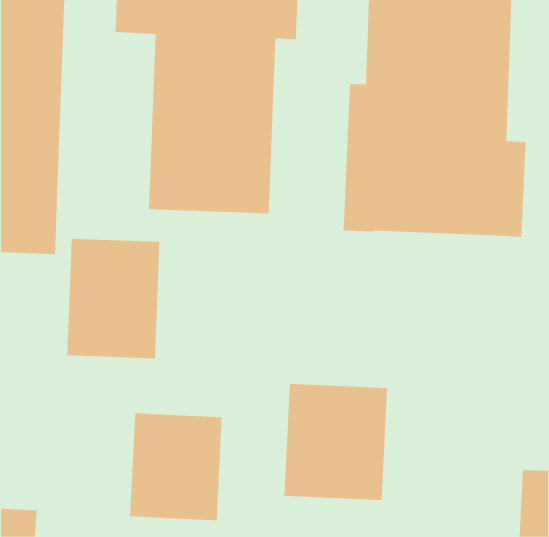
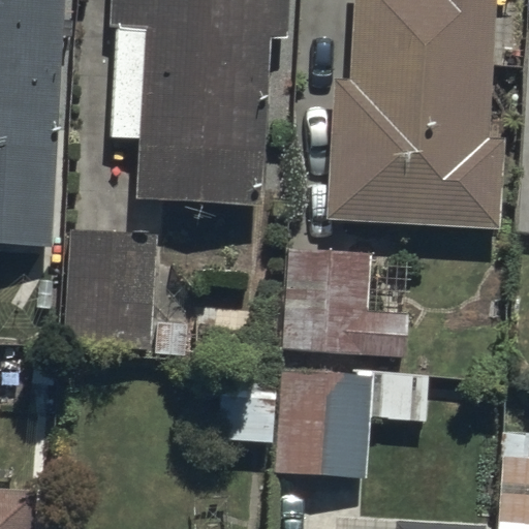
building: none -> [283,248,371,352]
building: [129,413,222,521] -> none

